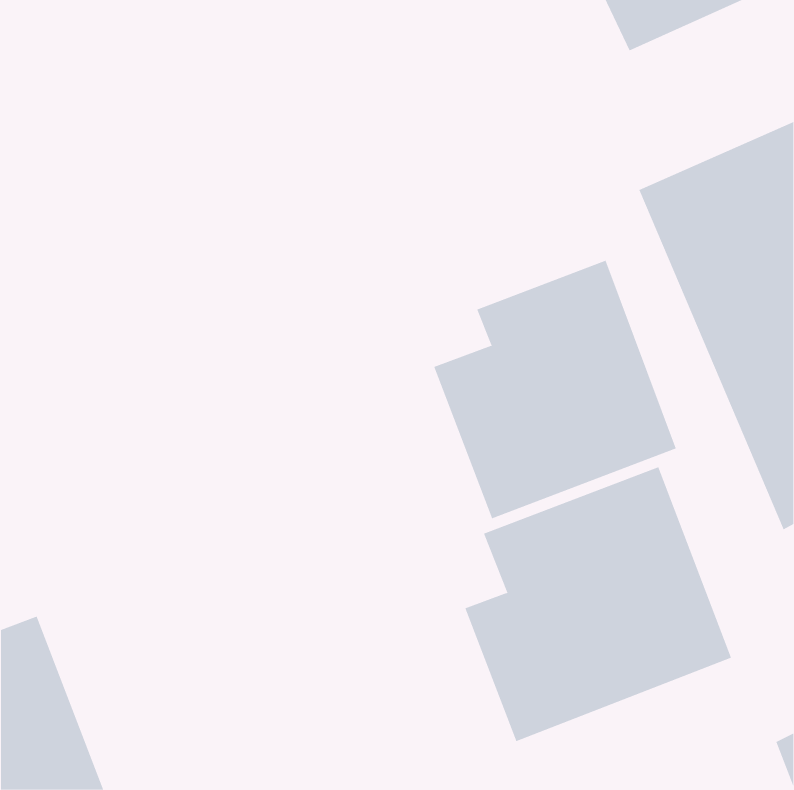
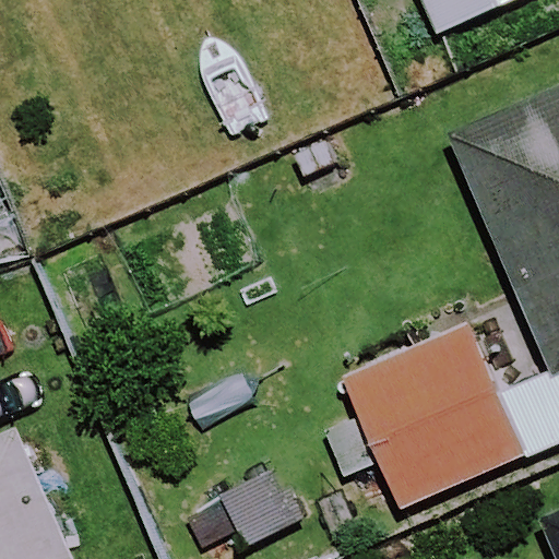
building: [433,260,677,519] -> none

